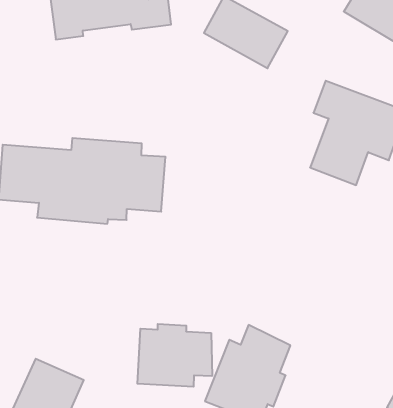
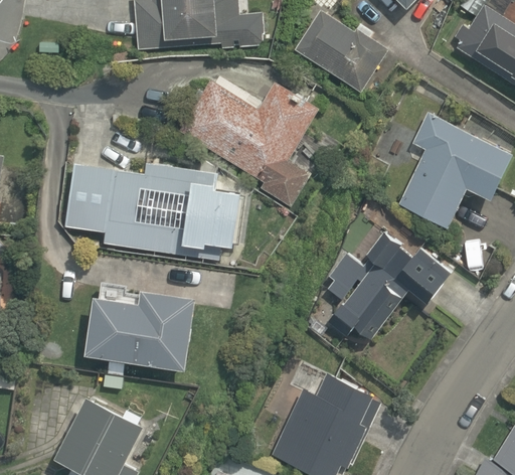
building: none -> [181,80,321,204]
building: none -> [325,228,449,343]
building: none -> [83,295,194,371]
building: [137,324,212,387] -> none

